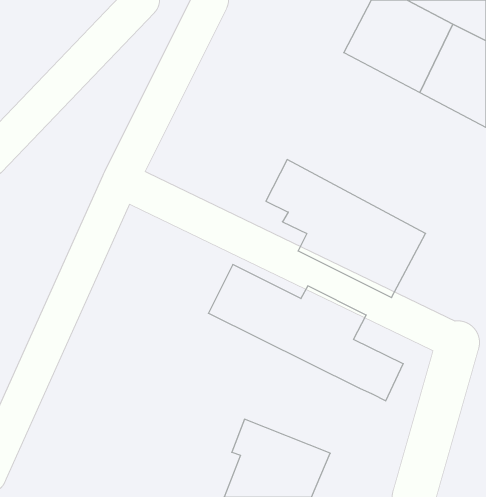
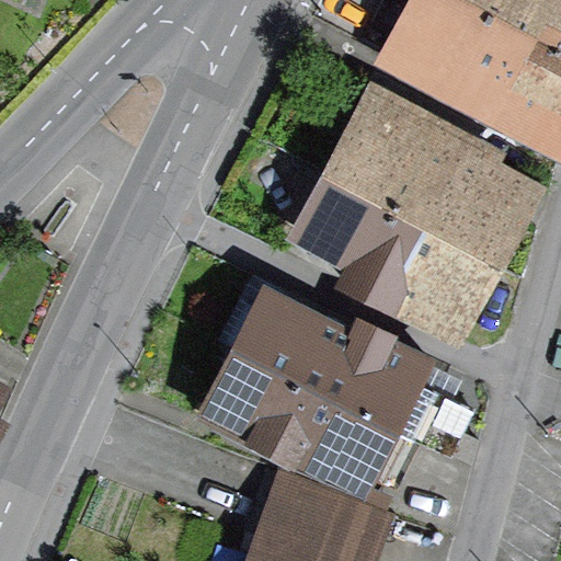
building: none -> [323,103,522,263]
building: none -> [208,353,404,483]

